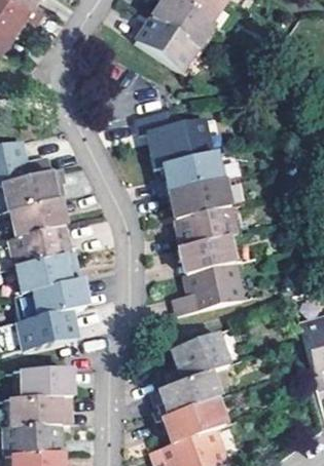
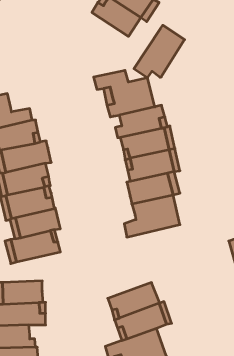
building: none -> [134,25,185,78]
building: [158,336,220,389] -> none

